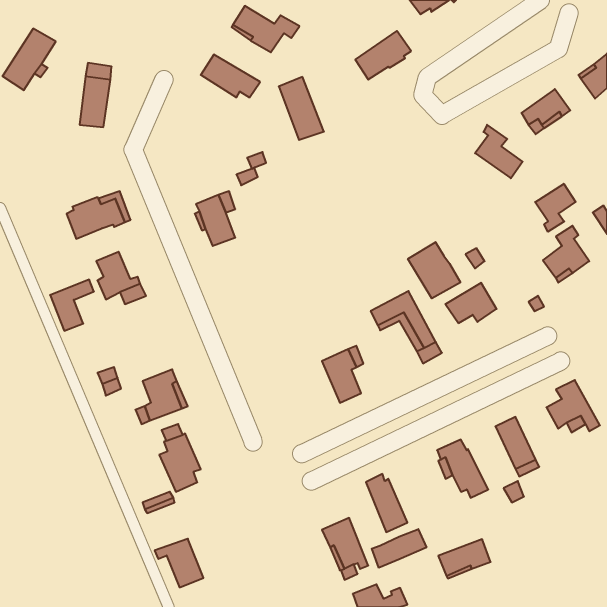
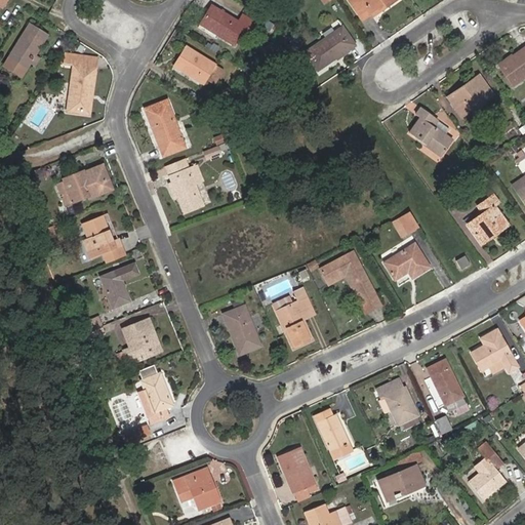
building: [279,77,324,140] -> [146,100,185,155]
building: [535,184,576,232] -> none
building: [408,242,460,298] -> none
building: [50,280,94,331] -> [102,264,139,308]
building: none -> [224,307,259,354]
building: none -> [469,442,506,499]
building: [372,529,426,568] -> none
building: [155,539,203,587] -> [177,468,219,510]

